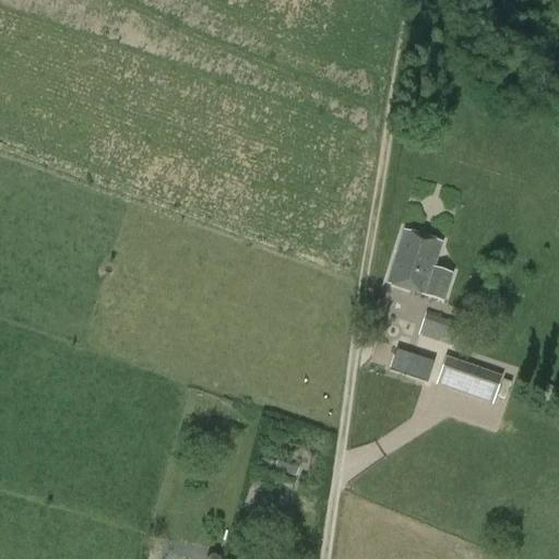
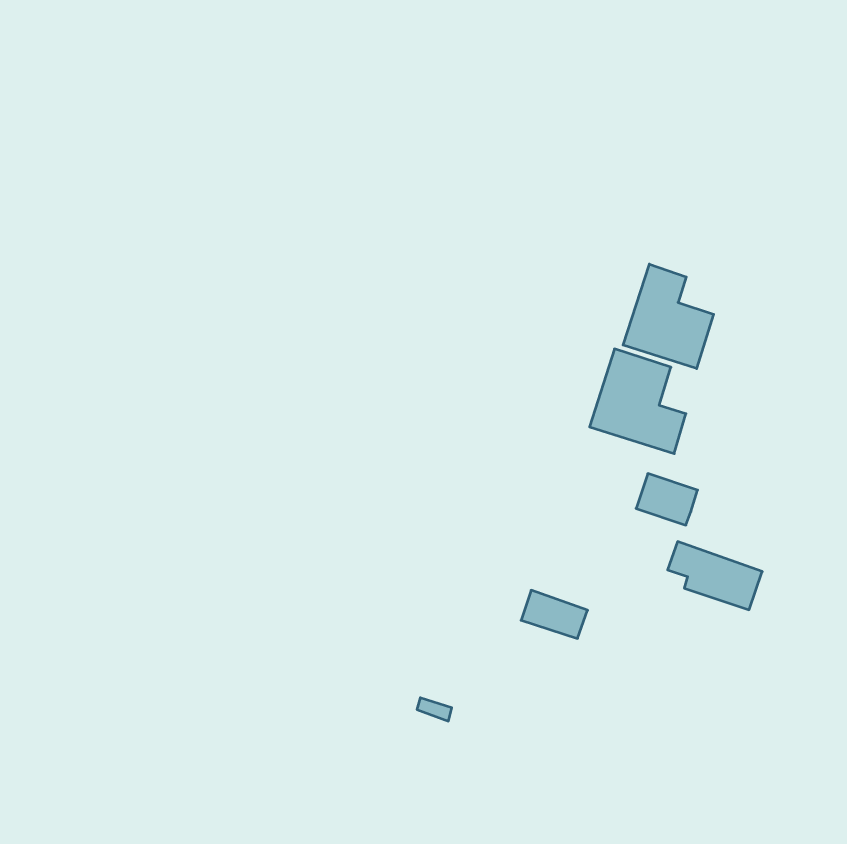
building: none -> [623,264,714,369]
building: [390,347,433,379] -> [521,590,588,638]

